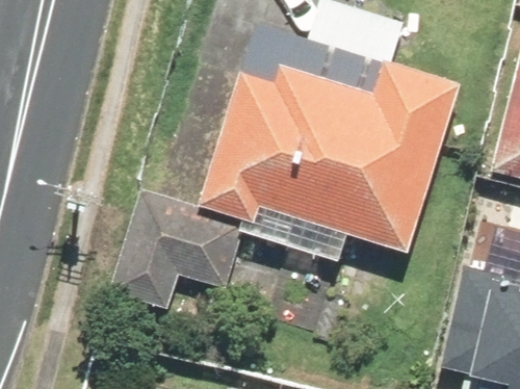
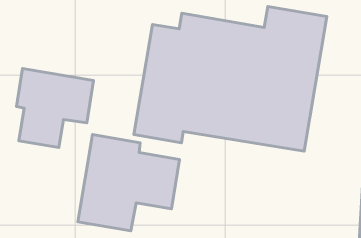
building: none -> [16,68,94,148]

